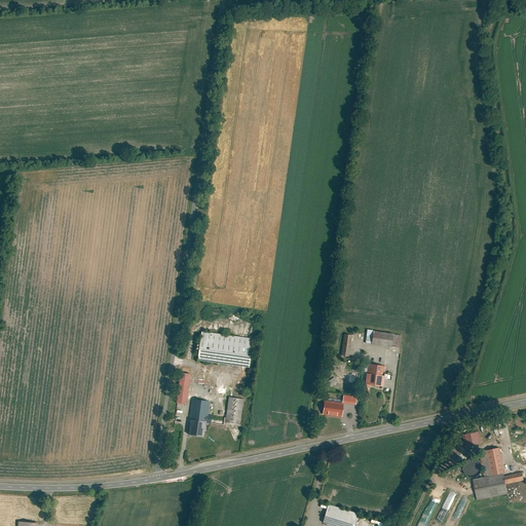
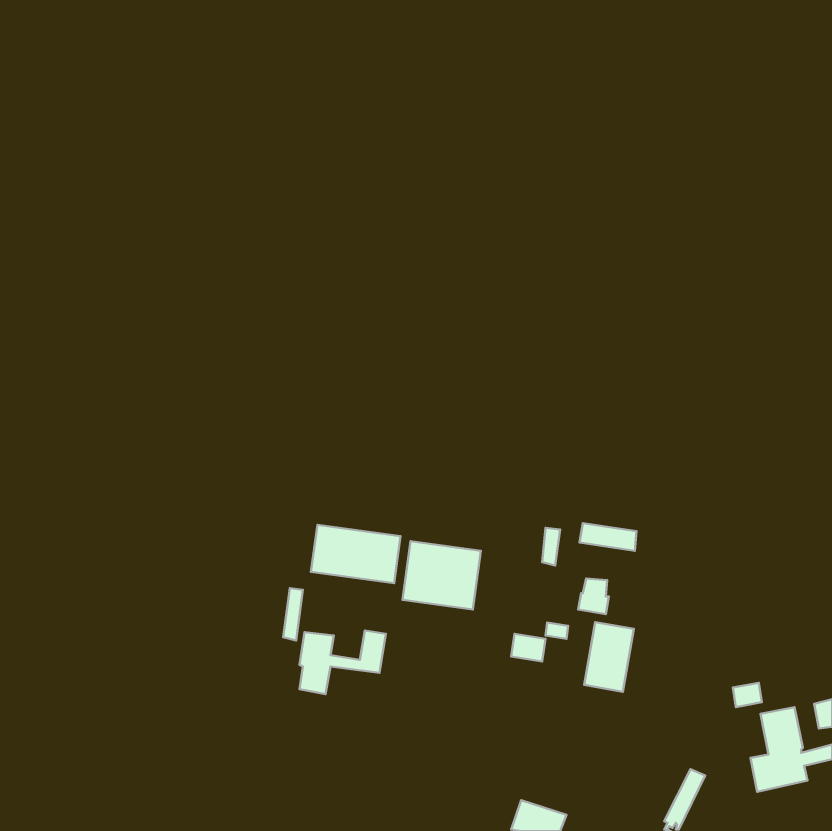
building: none -> [403,541,481,610]
building: none -> [584,622,634,692]

